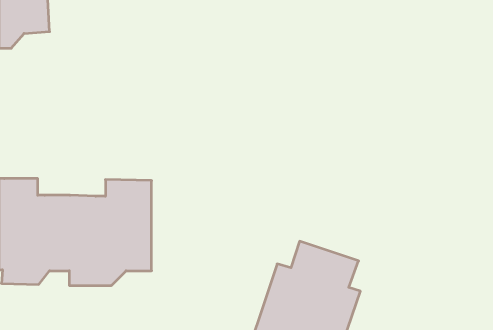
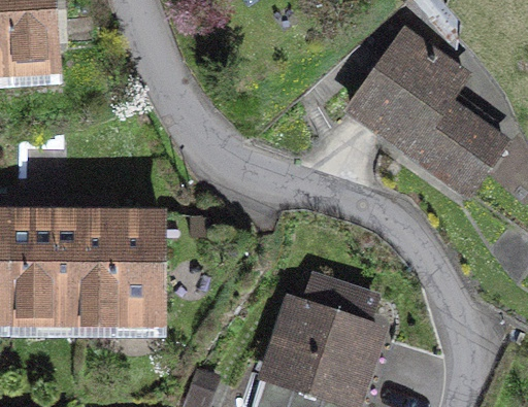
building: none -> [354,34,505,193]

